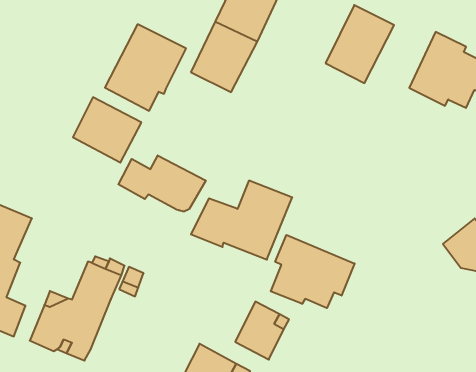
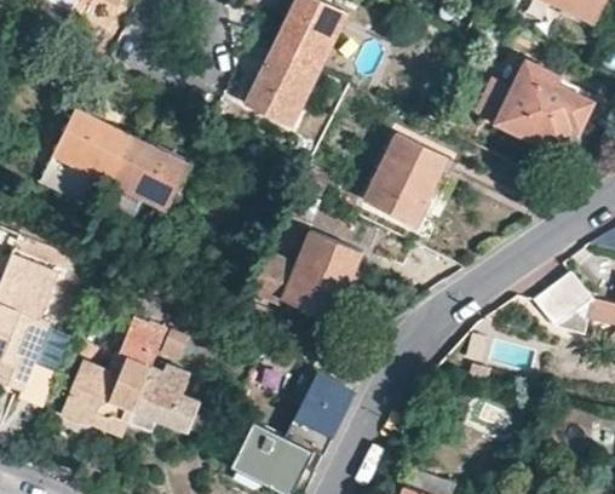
building: [326,5,394,83] -> [369,136,448,225]
building: [105,24,186,111] -> [39,107,132,206]
building: [118,155,206,212] -> none
building: [271,235,355,308] -> none
building: none -> [130,364,215,435]

